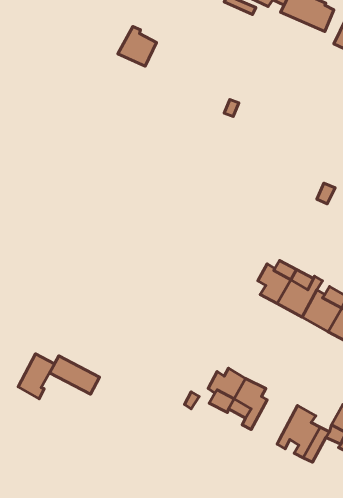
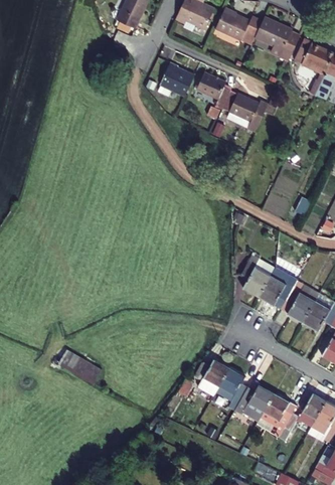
building: [118,27,156,66] -> [158,62,192,98]
building: none -> [193,71,229,105]
building: none -> [227,94,269,134]
building: [18,354,54,399] -> none
building: none -> [233,383,276,422]

